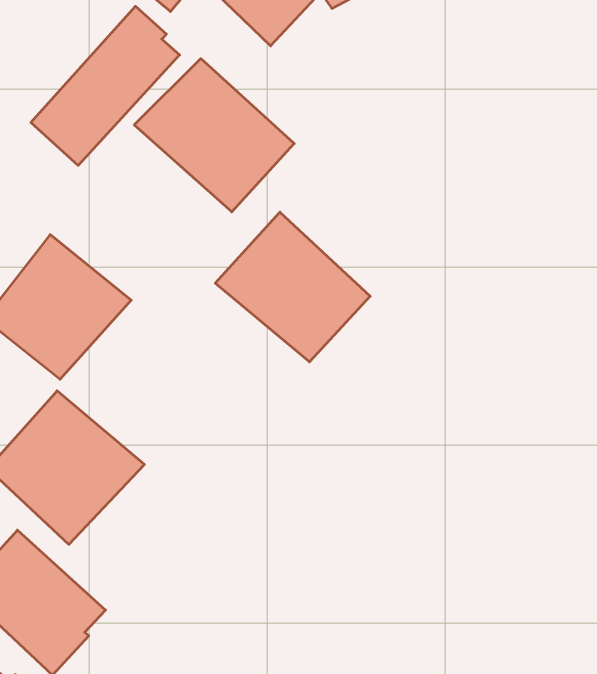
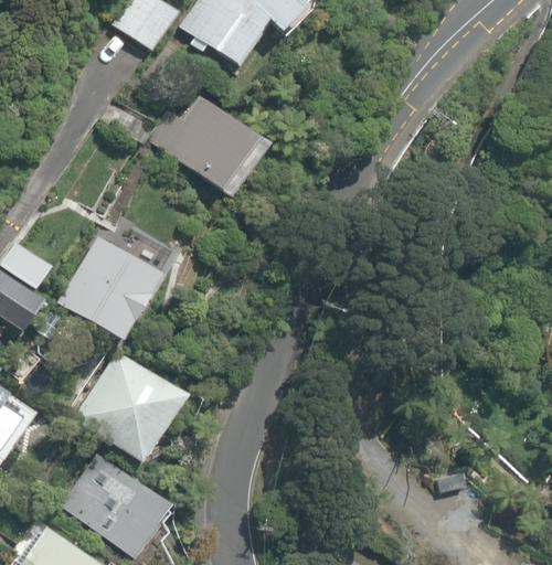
building: [31,6,180,165] -> none
building: [215,212,370,362] -> none

